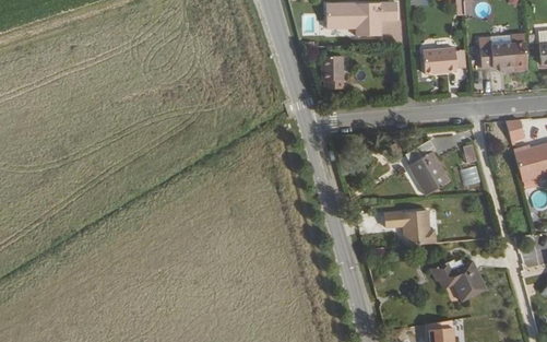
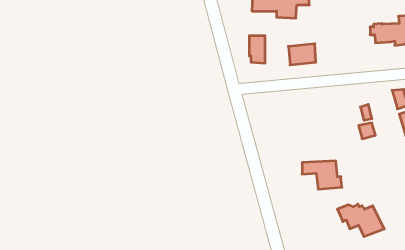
building: [421,45,455,71] -> [288,44,316,65]
building: [412,143,454,201] -> none

